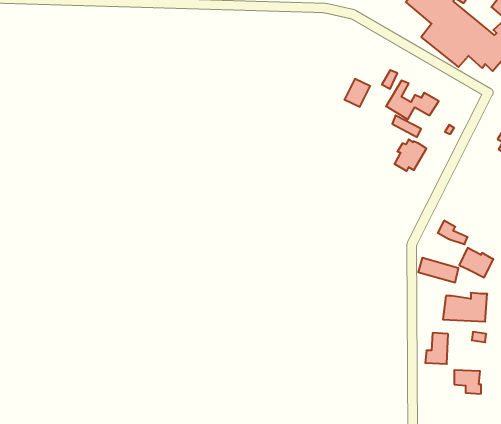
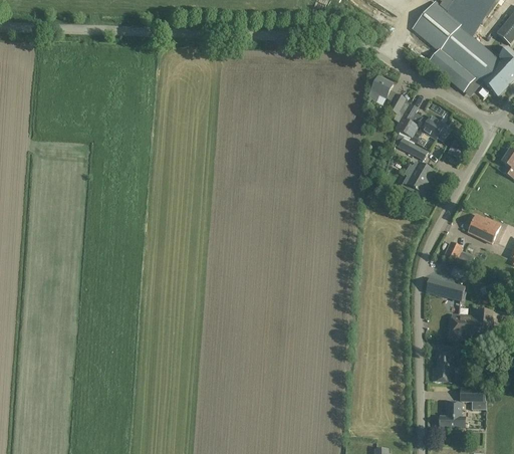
building: [344,79,370,107] -> [368,75,394,102]
building: [459,248,493,278] -> [469,213,502,242]
building: none -> [441,401,465,428]

